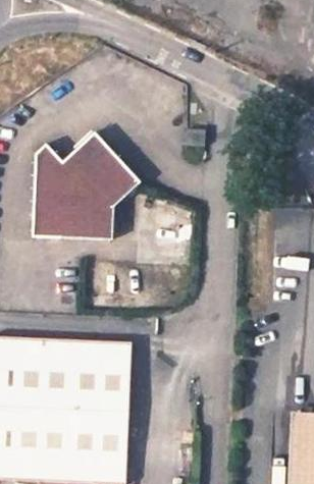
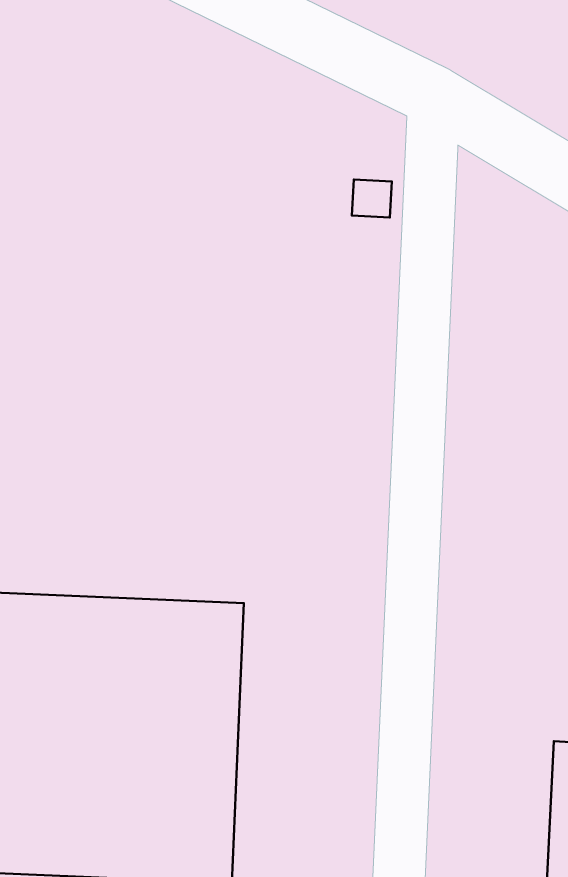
building: [34,132,140,238] -> none

